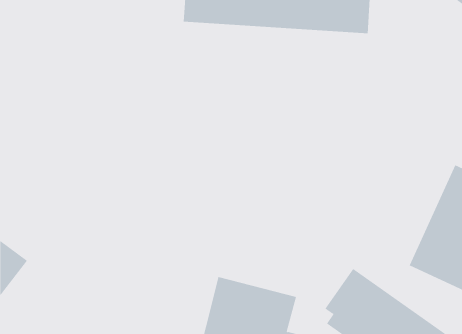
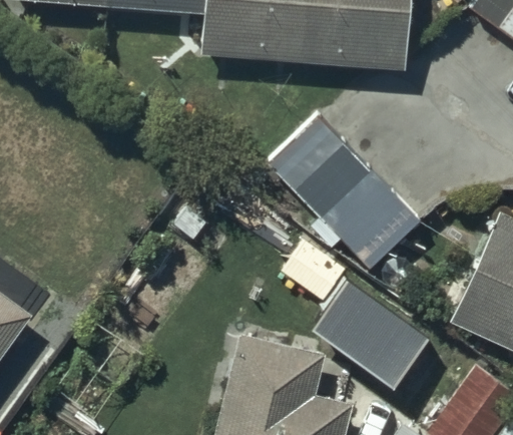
building: none -> [272,117,421,272]

